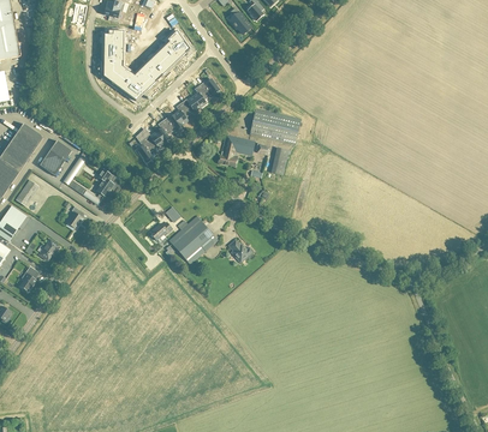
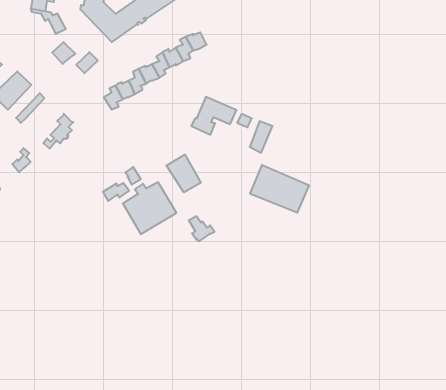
building: [249,108,299,144] -> [250,165,309,213]
building: none -> [166,155,201,192]

